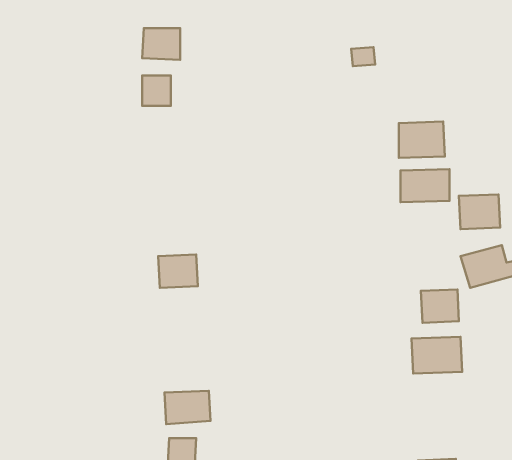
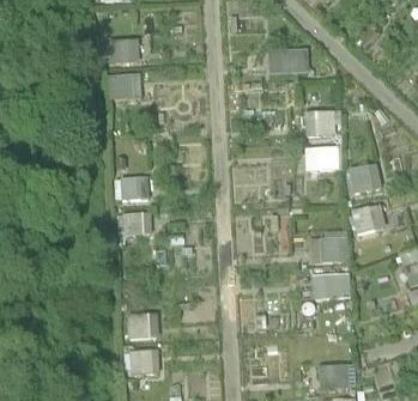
building: none -> [117,176,152,199]

